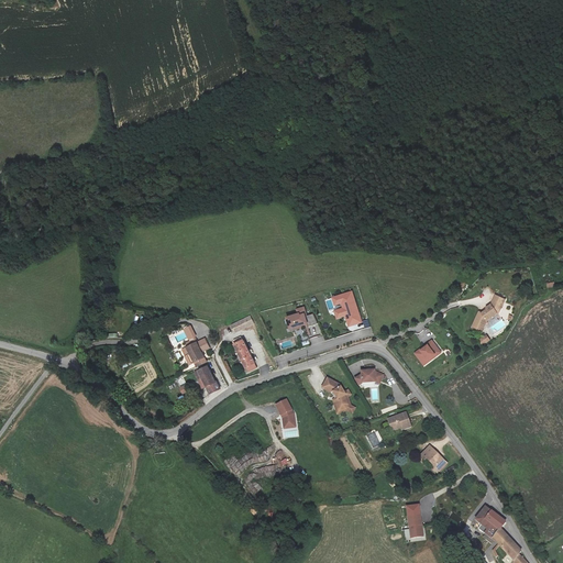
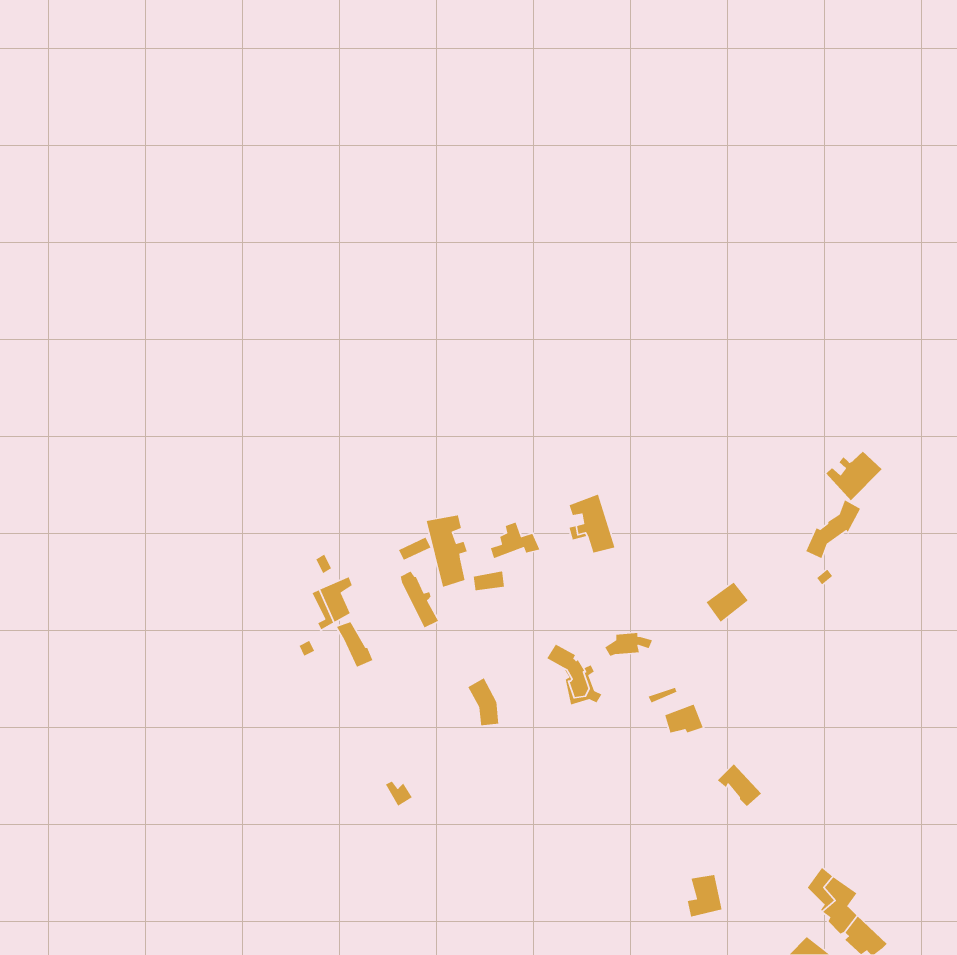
building: none -> [825,451,883,501]
building: none -> [426,514,468,588]

